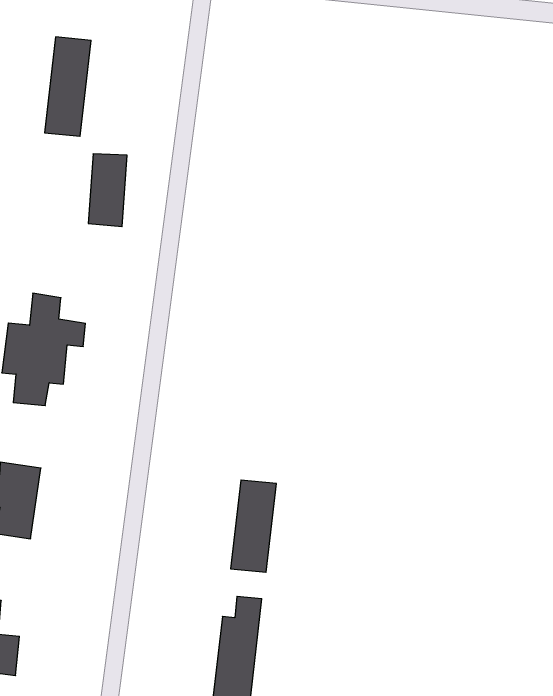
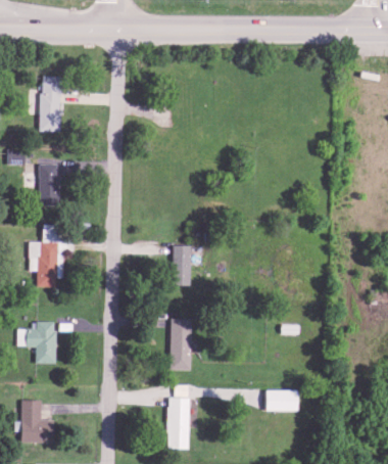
building: [88,154,127,227] -> [39,164,59,204]
building: none -> [171,244,191,284]
building: none -> [263,389,295,411]

